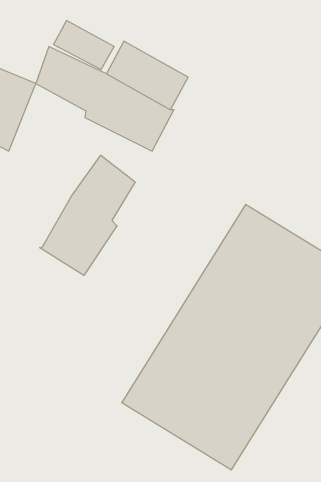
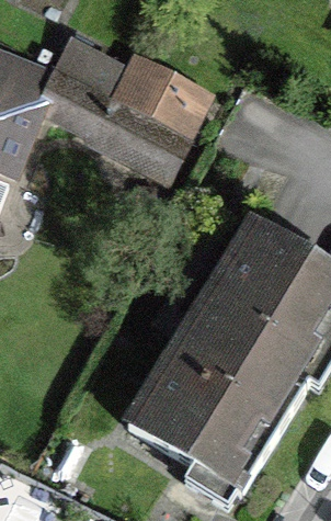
building: [40,155,135,275] -> none

